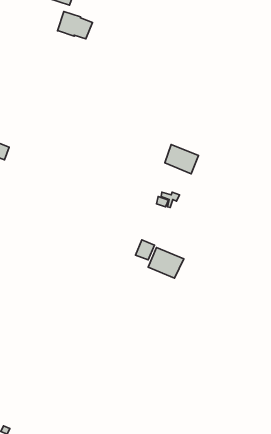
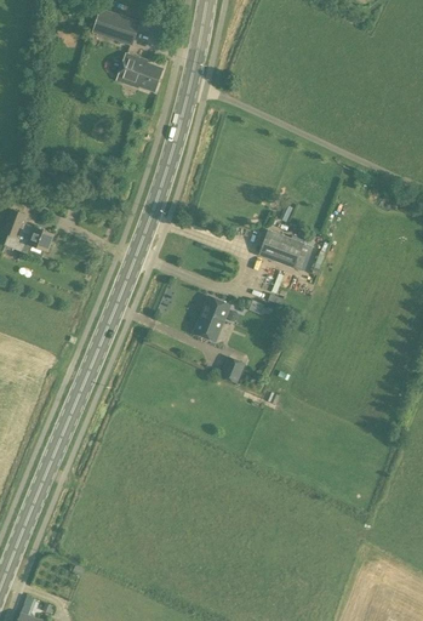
building: none -> [196,297,231,342]
building: [148,247,184,278] -> none

